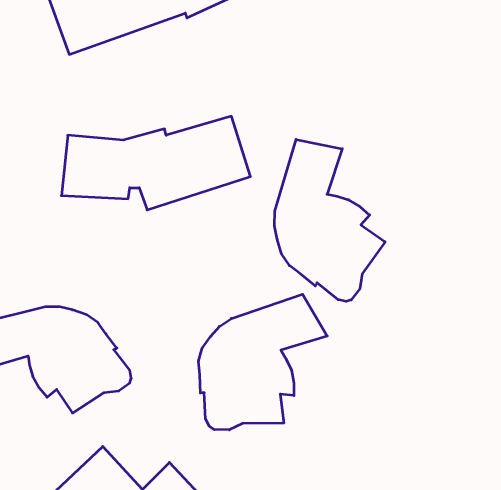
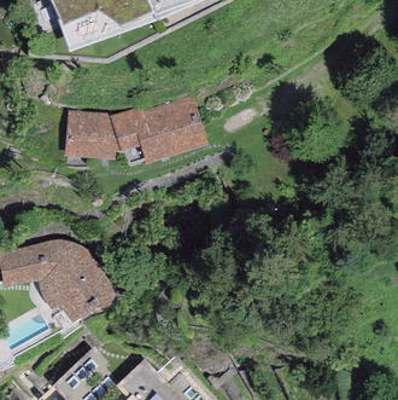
building: [274,139,385,301] -> none
building: [199,294,327,430] -> none

